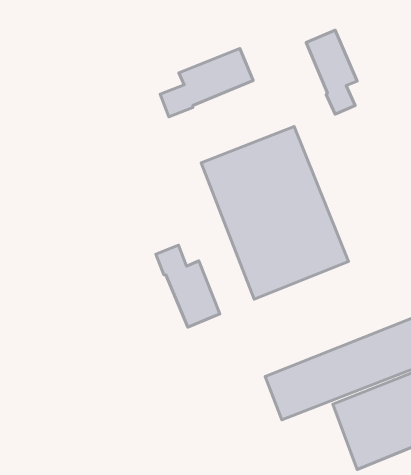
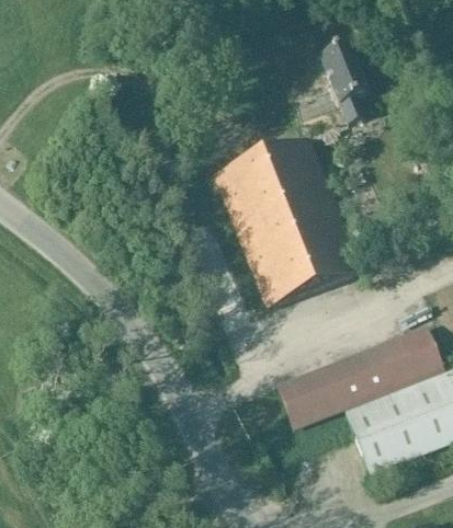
building: [160,48,253,117] -> none
building: [156,245,220,327] -> none

